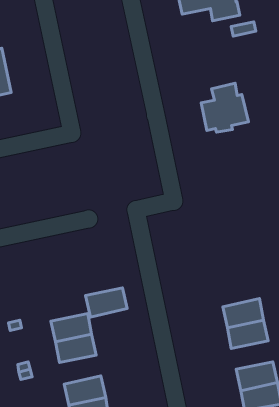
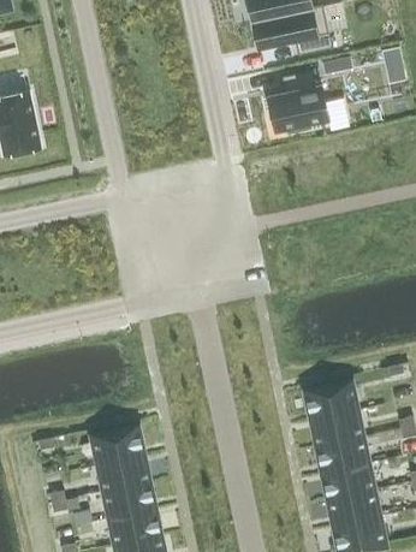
building: [201,83,248,132] -> [268,72,328,135]
building: none -> [304,384,357,421]
building: [86,288,127,317] -> [102,482,155,520]
building: none -> [321,464,374,500]

